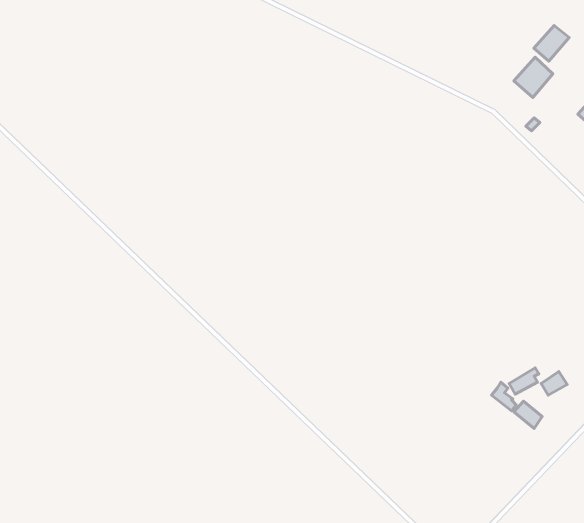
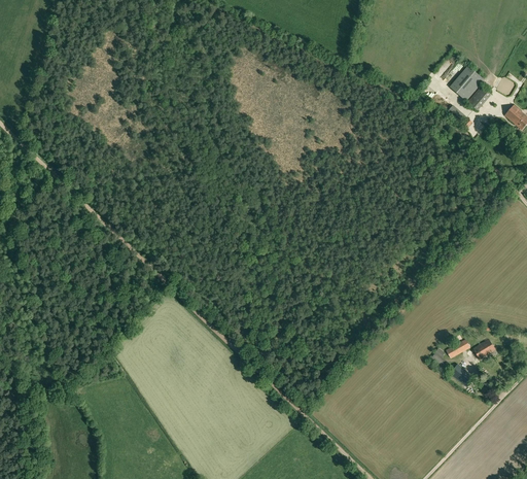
building: [534,25,569,61] -> none

